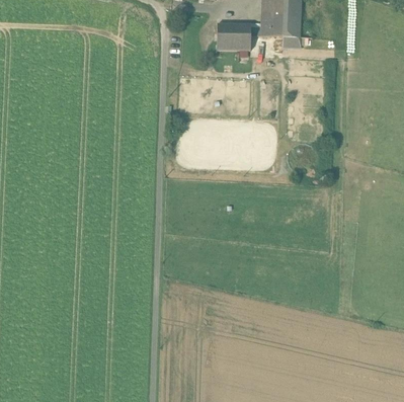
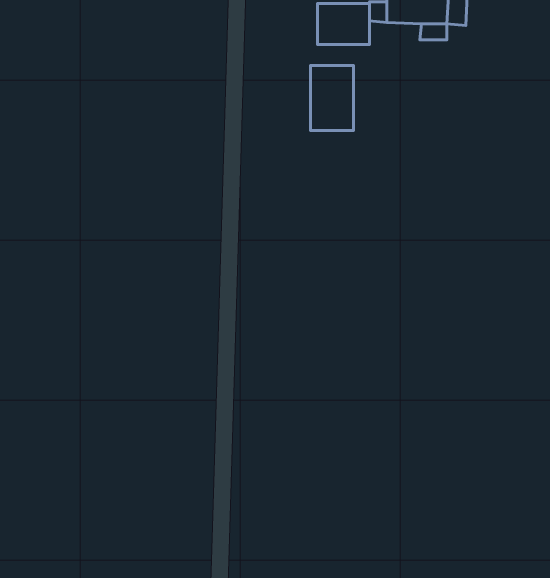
building: none -> [311,66,353,131]

